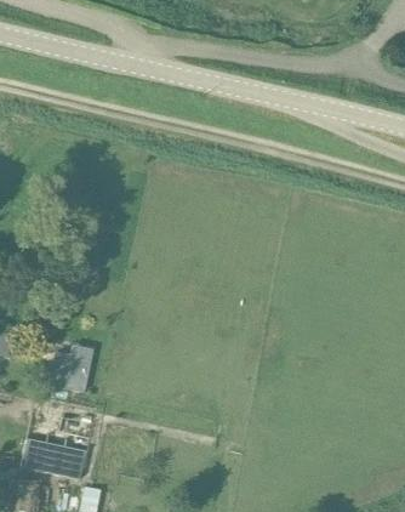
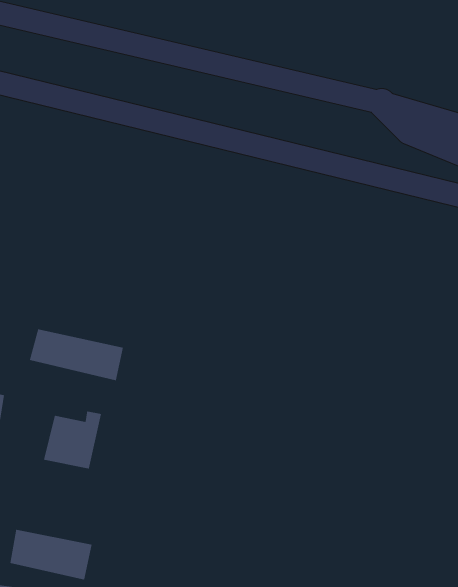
building: none -> [29,328,124,381]

